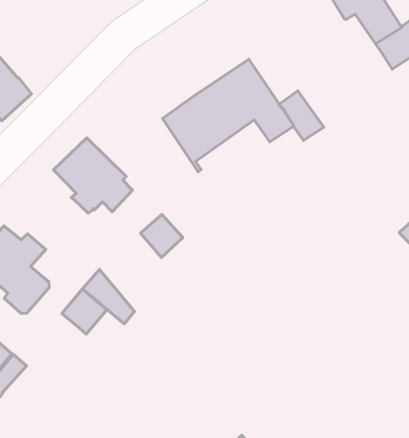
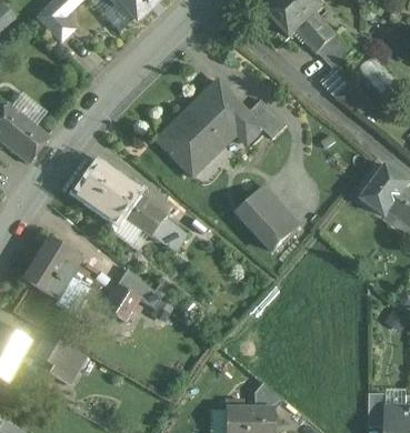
building: none -> [129,200,164,235]
building: none -> [234,185,299,250]

